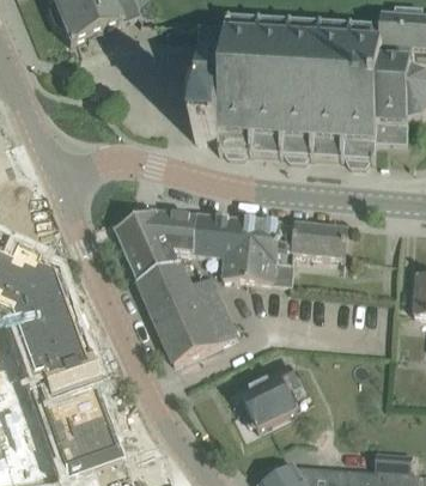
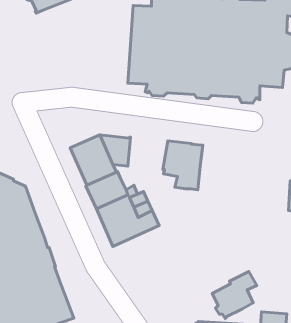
building: [194,213,262,281] -> none
building: [293,224,347,259] -> none
building: [239,365,300,430] -> [212,272,257,319]

